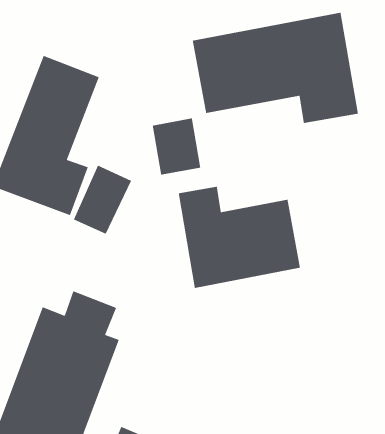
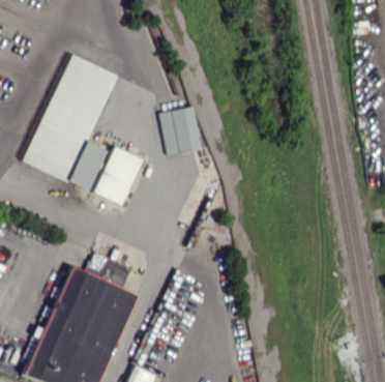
building: [192,12,359,124] -> none
building: [178,186,301,289] -> none

